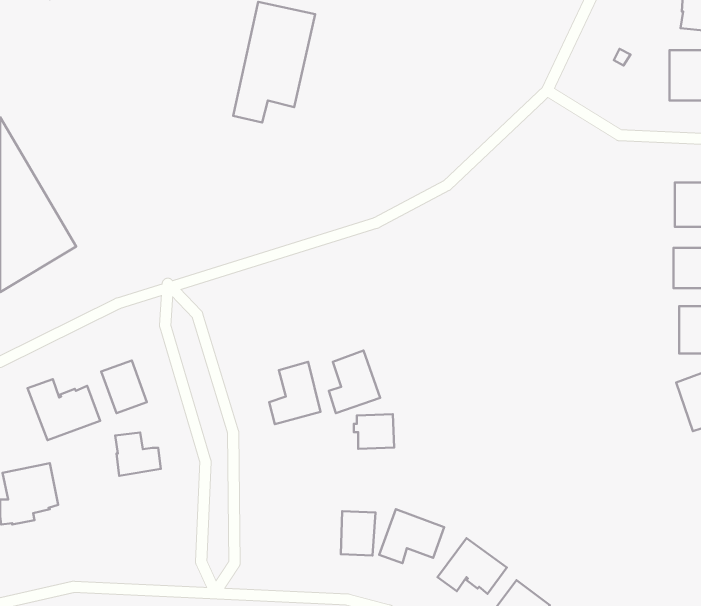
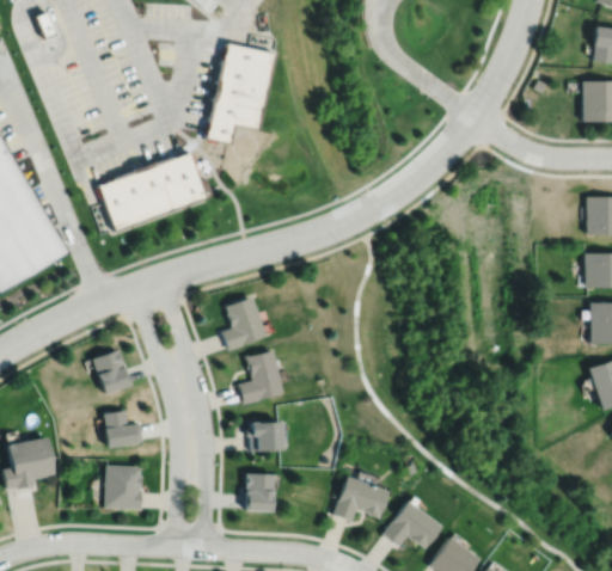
building: none -> [99,152,215,232]
building: [329,351,380,413] -> [220,296,264,350]
building: [28,379,100,440] -> none
building: [354,414,394,449] -> [245,422,280,452]
building: none -> [105,466,143,510]
building: [341,511,375,556] -> [243,474,273,512]

